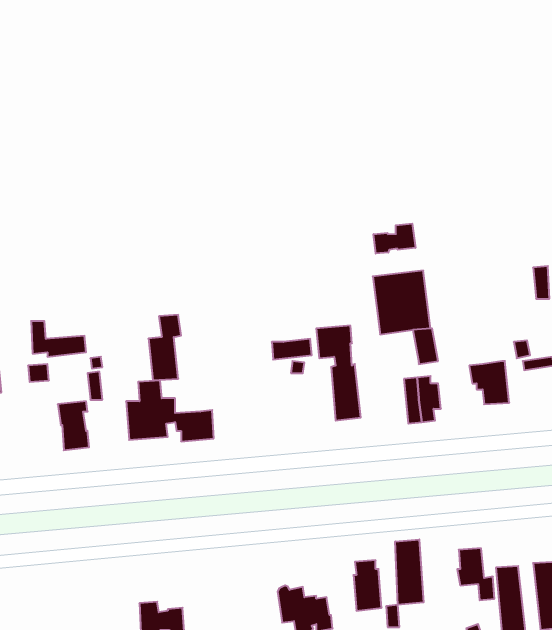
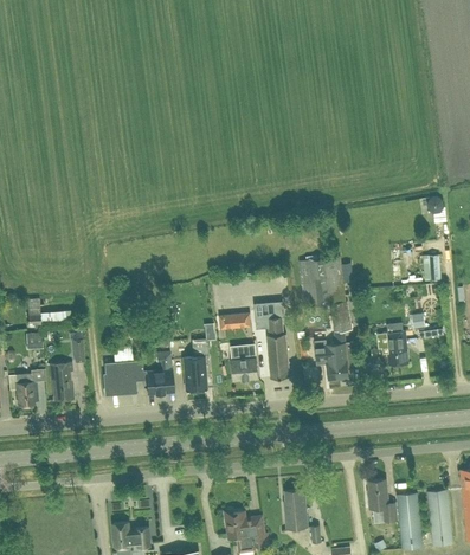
building: [374,224,415,254] -> none
building: [148,315,181,380] -> [182,340,208,392]
building: none -> [231,346,258,381]
building: none -> [15,374,37,406]
building: [395,539,424,605] -> none

